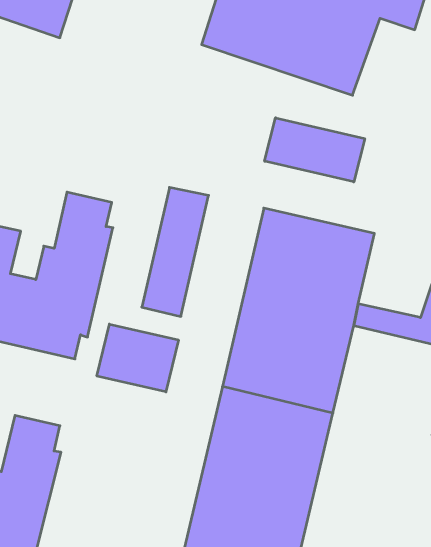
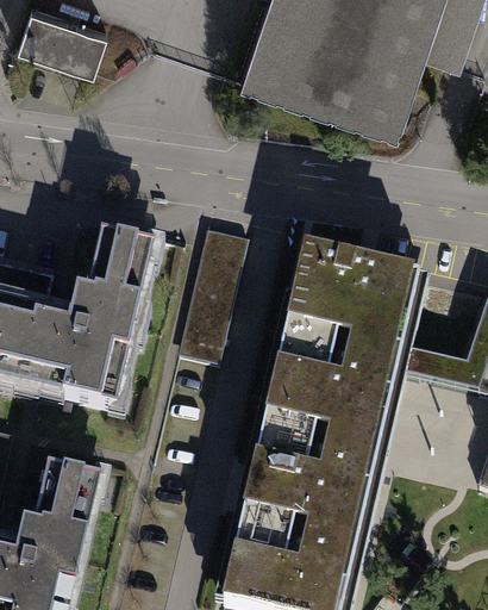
building: [265,118,365,182] -> none
building: [97,324,178,392] -> none

